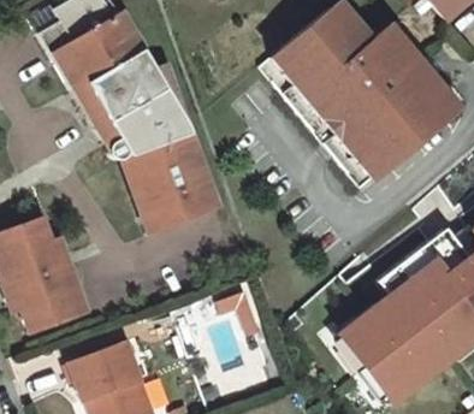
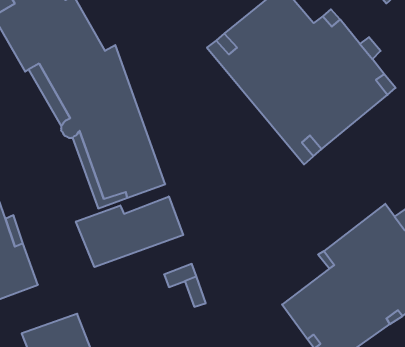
building: none -> [76,196,183,267]

